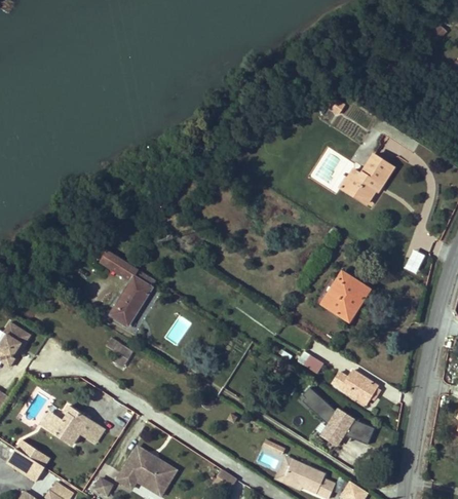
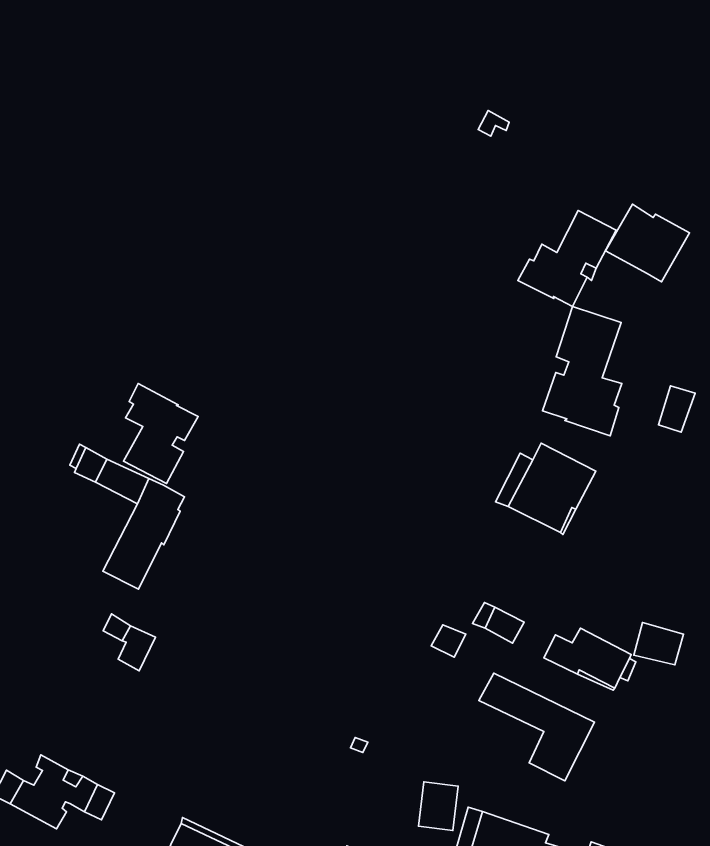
building: none -> [605,204,689,282]
building: none -> [543,306,622,436]
building: none -> [123,383,198,483]
building: [348,420,375,444] -> [634,622,684,665]

